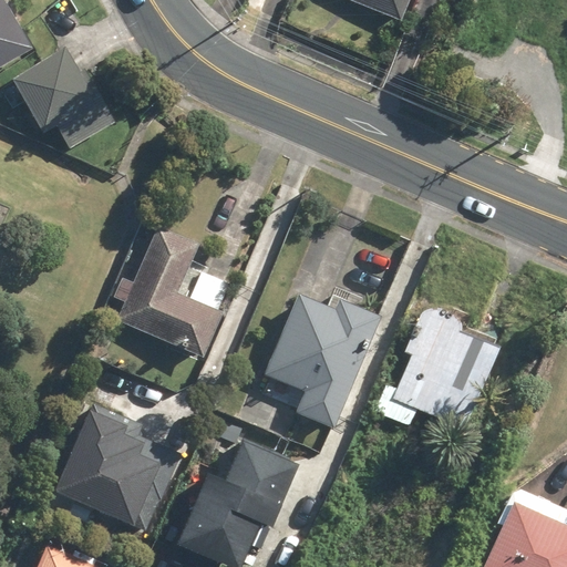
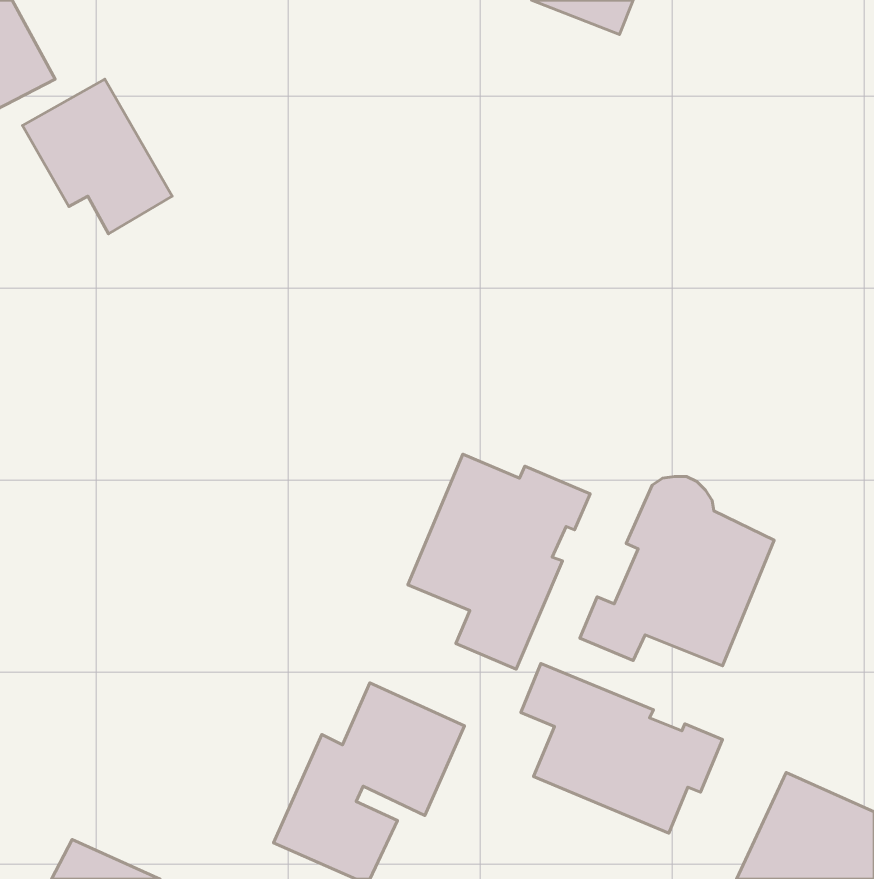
building: [116,223,231,354] -> none
building: [53,403,184,532] -> none
building: none -> [521,663,723,833]

